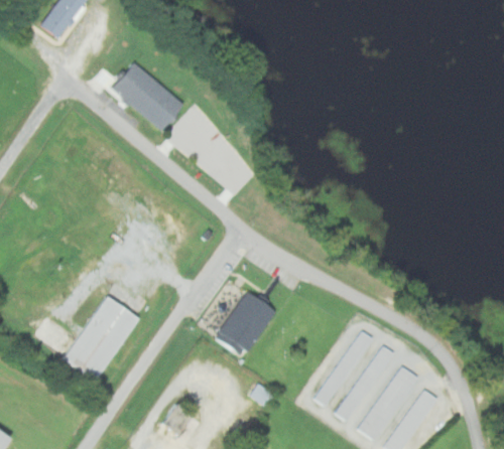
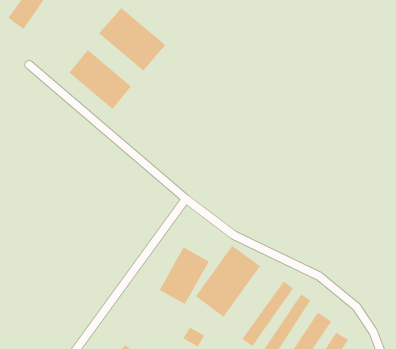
building: none -> [98,7,166,71]
building: none -> [195,245,261,318]
building: [62,294,140,383] -> none

